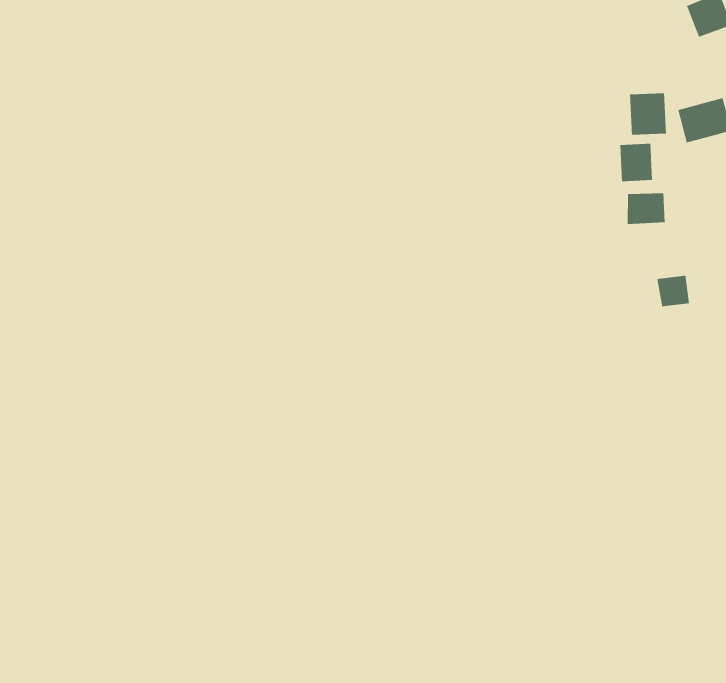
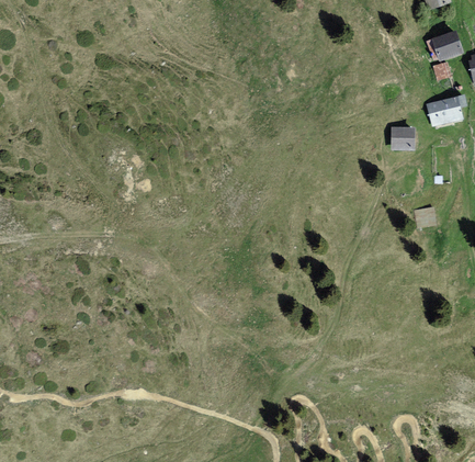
building: [630,92,667,136] -> none
building: [627,192,665,225] -> none

